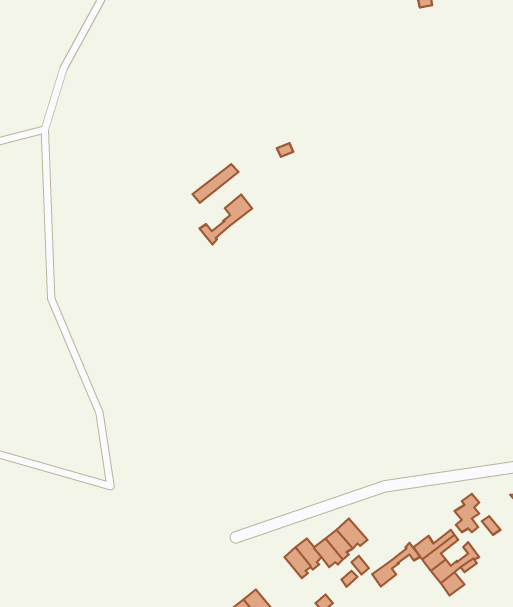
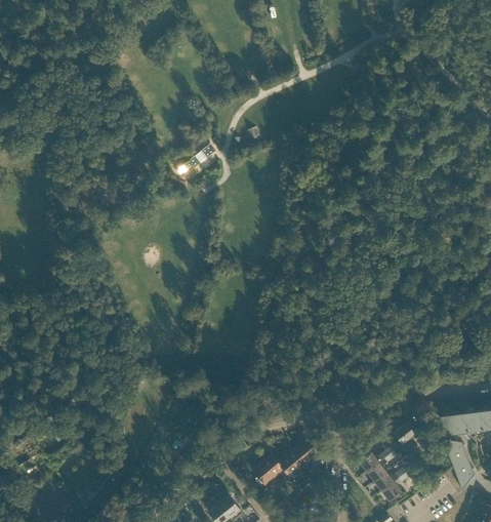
building: [199,195,252,244] -> none
building: [372,543,420,586] -> none

